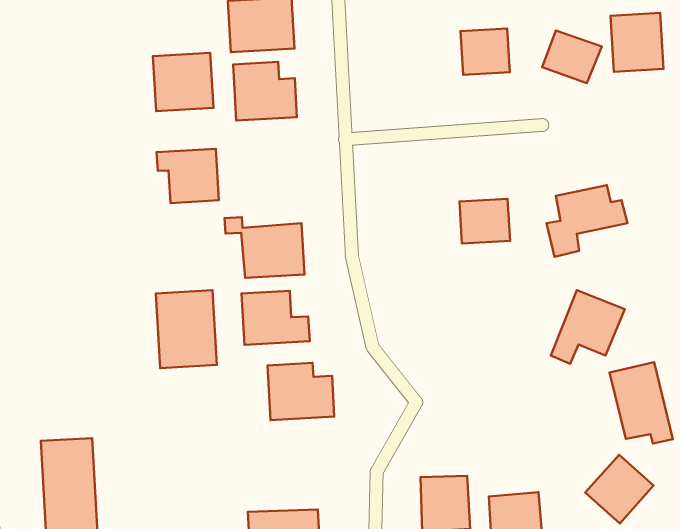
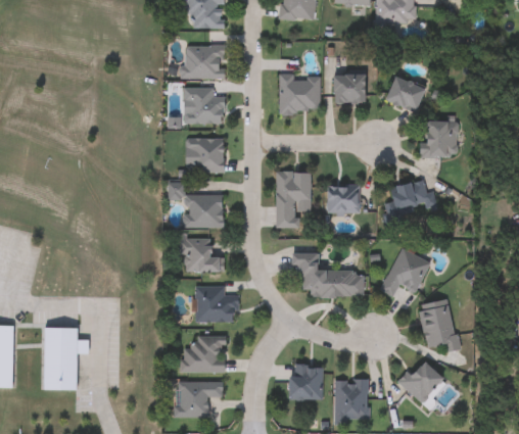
building: [610,13,663,72] -> [424,120,457,157]
building: none -> [279,76,320,113]
building: [153,53,213,111] -> none
building: [157,149,219,203] -> [185,138,224,172]
building: none -> [275,171,311,227]
building: [156,290,217,368] -> none
building: none -> [292,252,364,295]
building: none -> [181,334,226,372]

